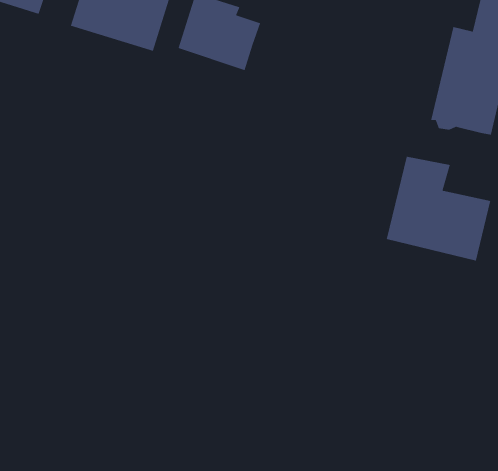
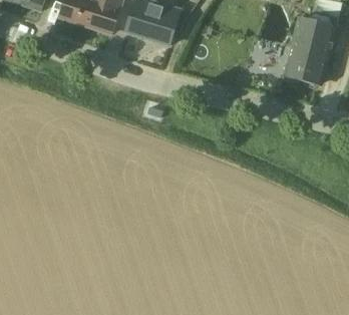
building: [386,156,491,262] -> none

